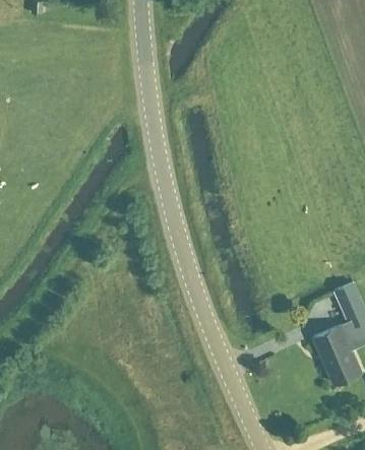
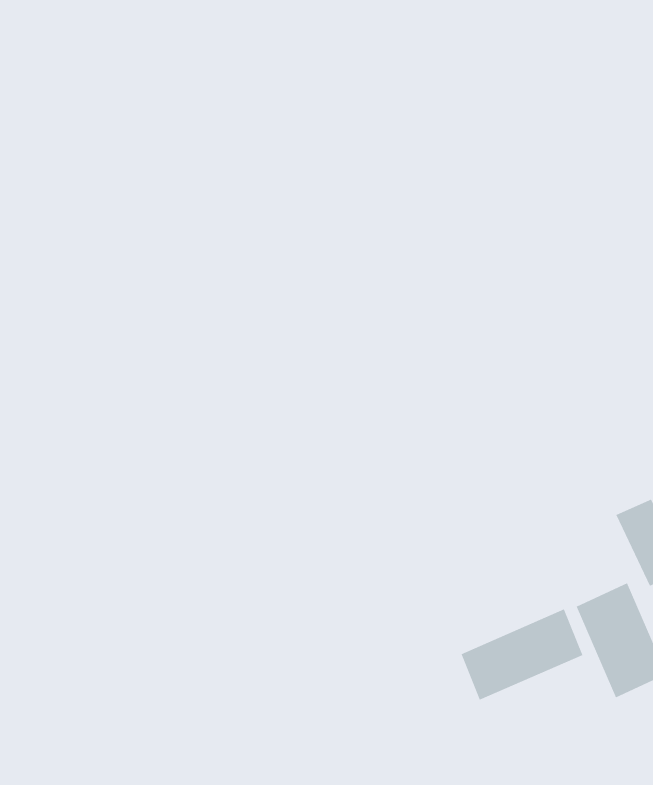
building: none -> [461,609,583,701]

